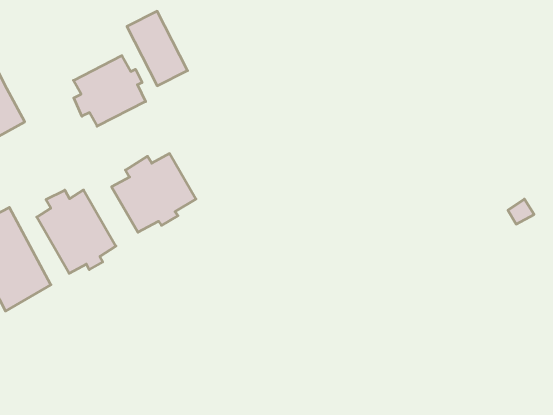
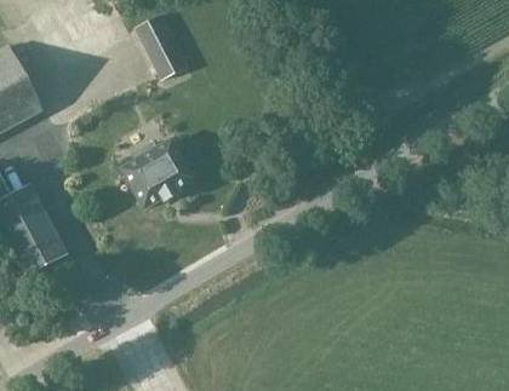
building: [73,56,146,126] -> none
building: [37,190,116,273] -> none

